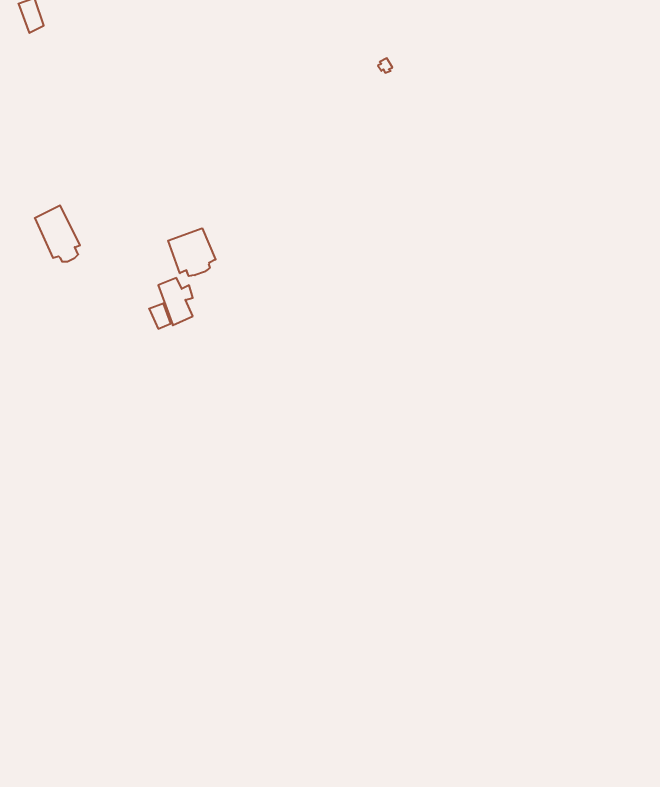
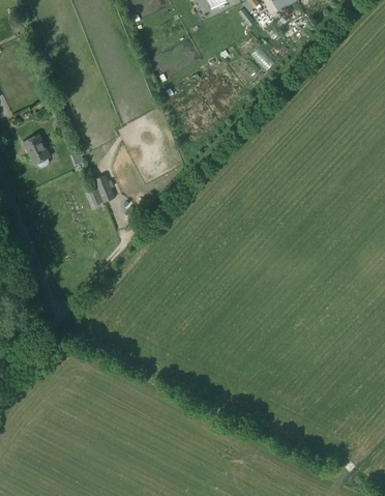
building: [168,228,216,276] -> none

